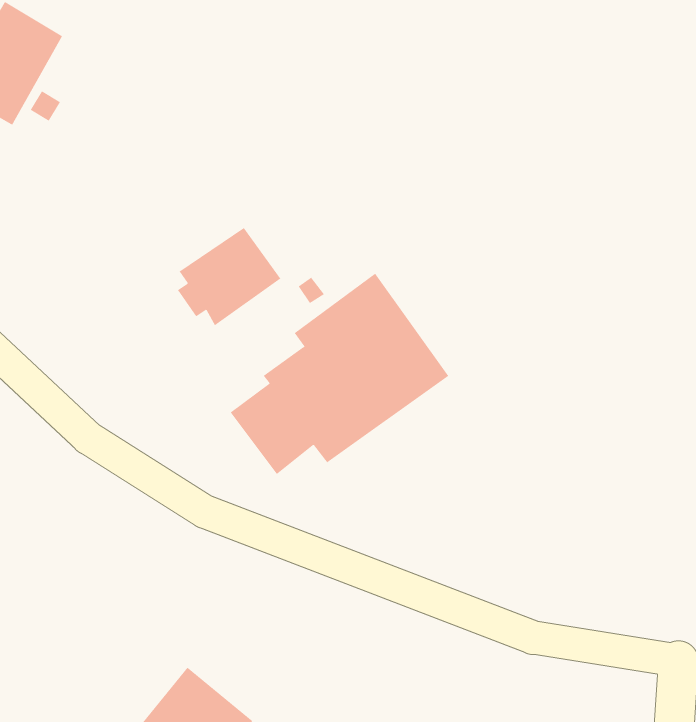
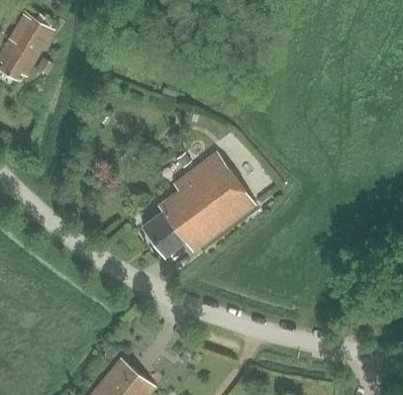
building: [177,227,281,326] -> none

